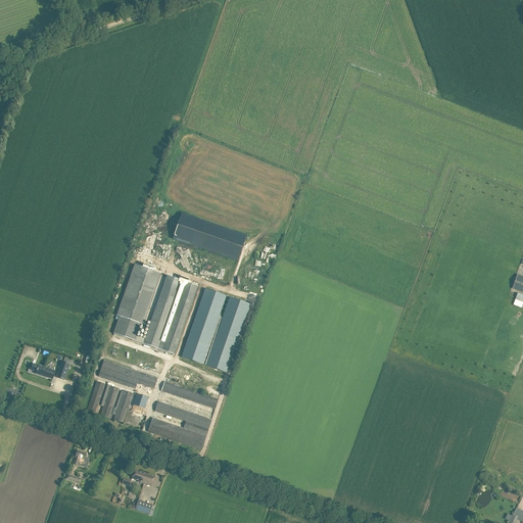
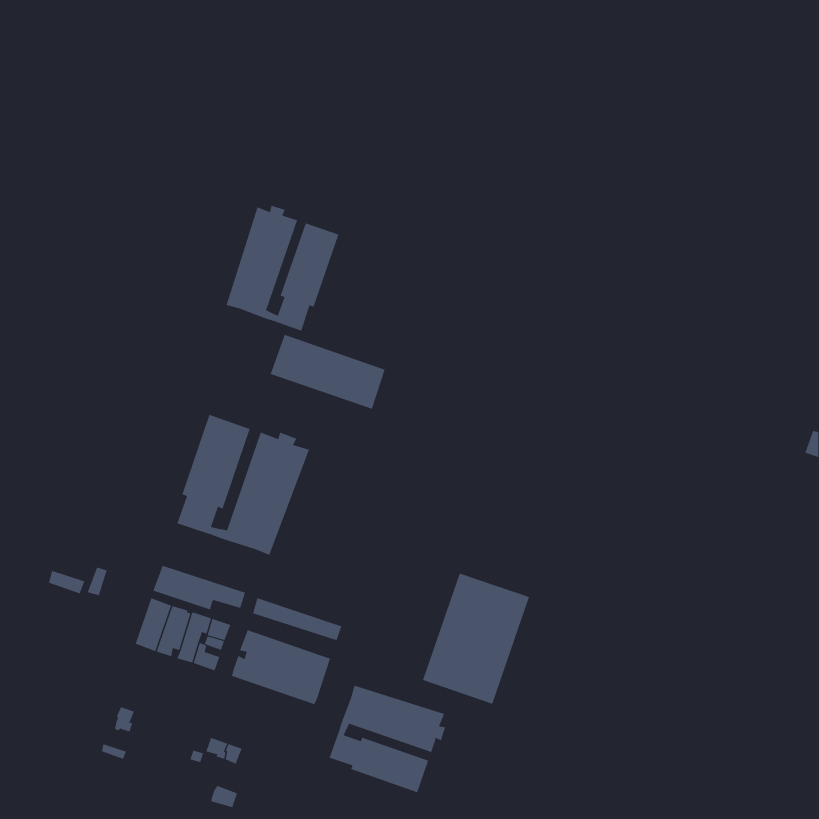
building: none -> [226,205,339,331]
building: [181,288,249,372] -> [422,573,530,704]
building: none -> [329,685,446,793]

